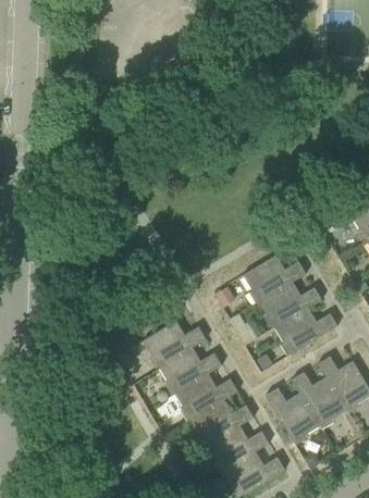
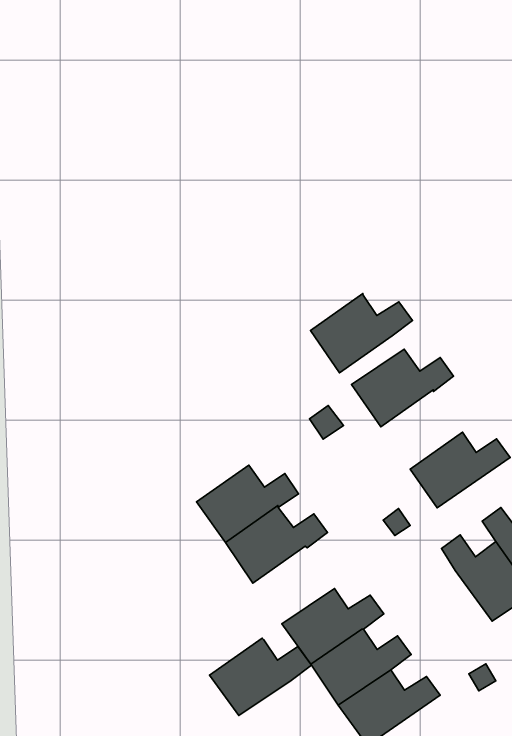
building: [259,281,322,328] -> [310,294,412,373]
building: [174,372,237,419] -> [210,638,311,716]
building: [266,387,320,441] -> none

